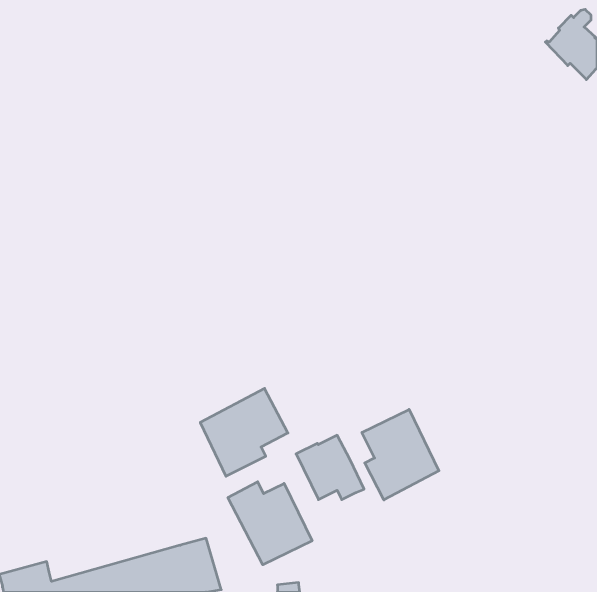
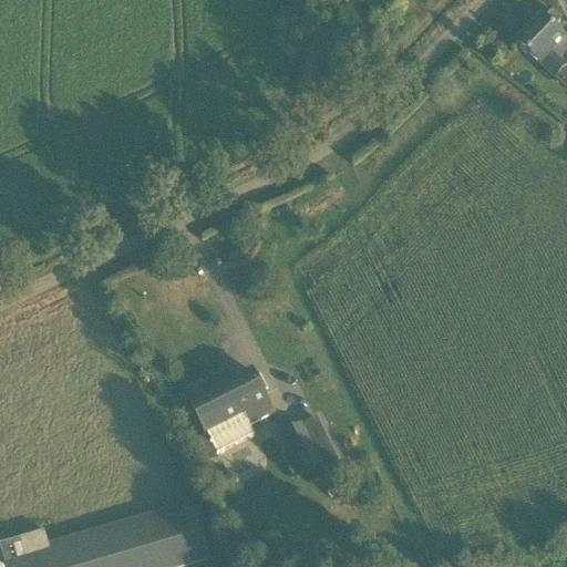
building: [362,409,439,500] -> none
building: [228,482,312,565] -> none

